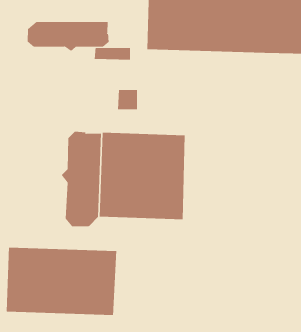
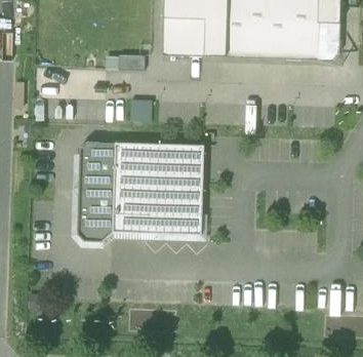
building: [27,21,109,52] -> none
building: [6,247,117,316] -> none

